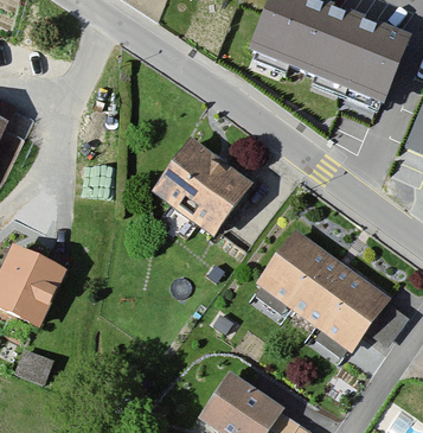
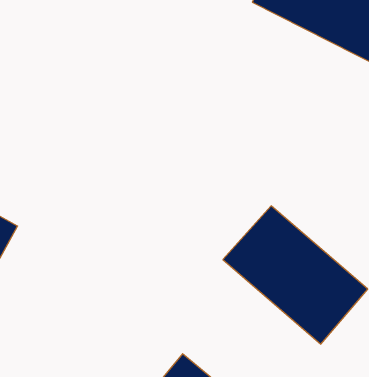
building: [152,138,250,234] -> none

